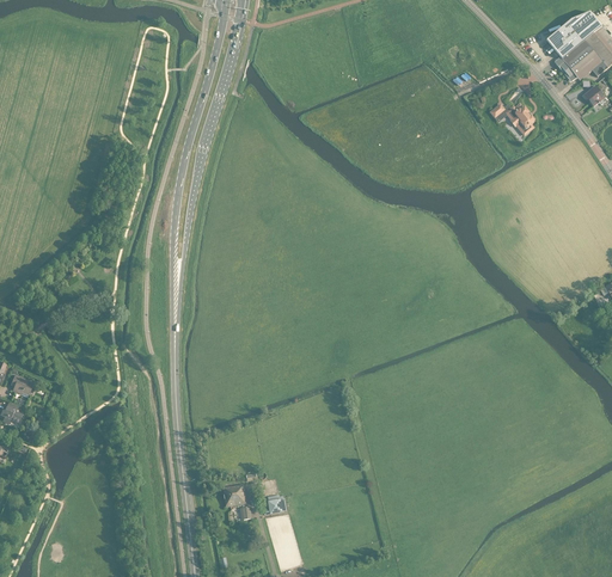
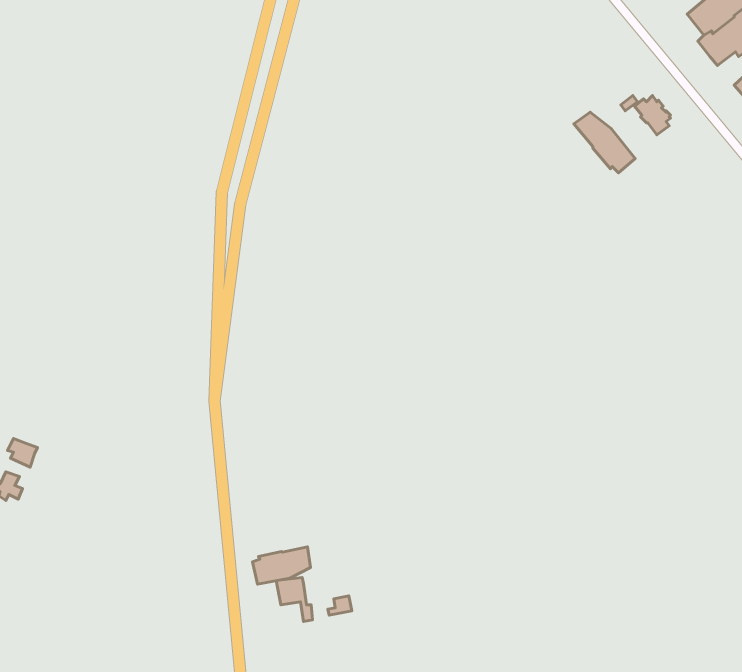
building: none -> [574,112,635,173]
building: none -> [252,547,311,584]

